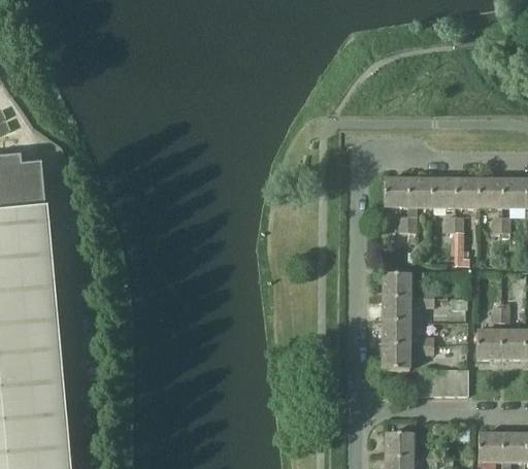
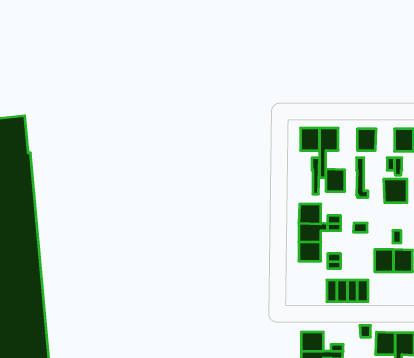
building: [431,178,455,206] -> [326,169,345,191]
building: [477,179,501,207] -> none
building: none -> [384,179,407,203]
building: [382,344,409,368] -> none

